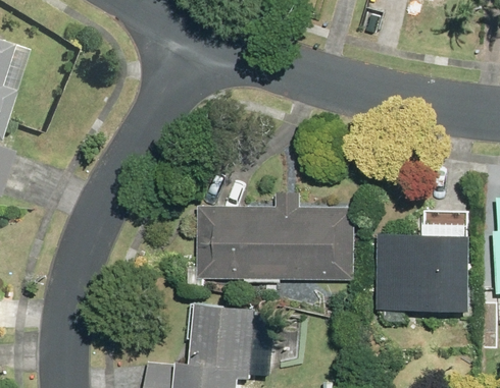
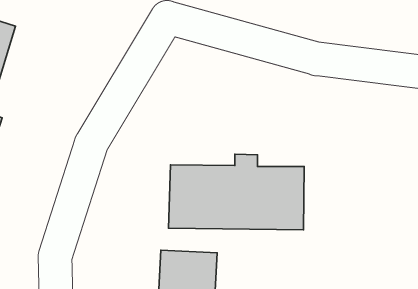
building: [376,209,472,320] -> none

